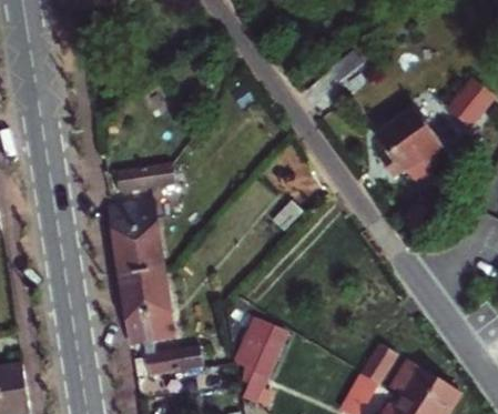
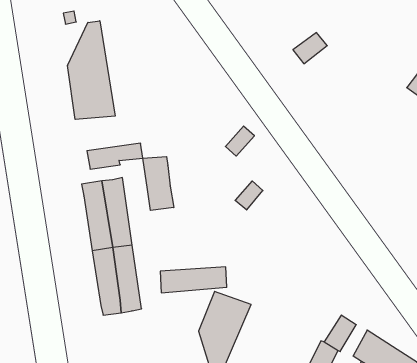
building: none -> [68,21,115,119]
building: [376,108,449,182] -> none
building: none -> [143,157,174,210]
building: [139,345,207,372] -> [160,267,227,293]

